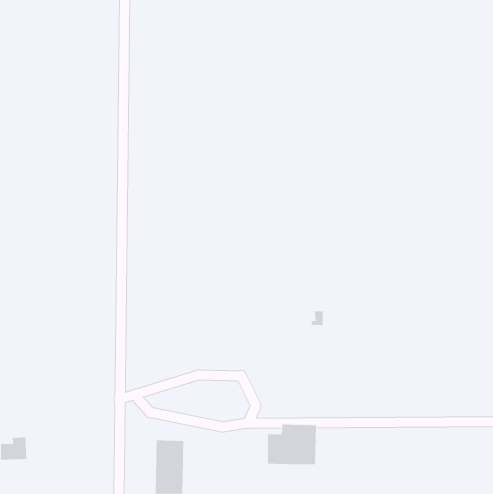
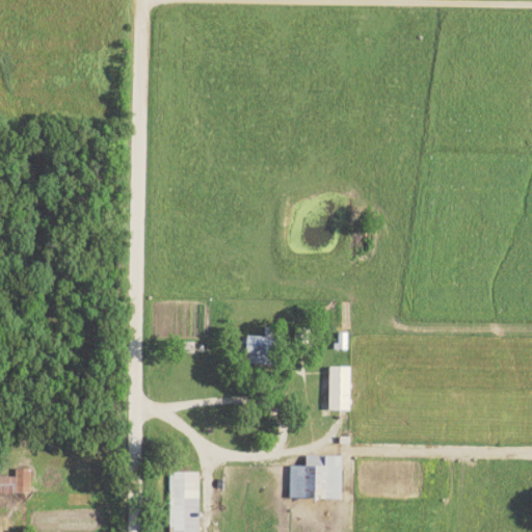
building: none -> [242,336,266,365]
building: none -> [327,367,350,410]

